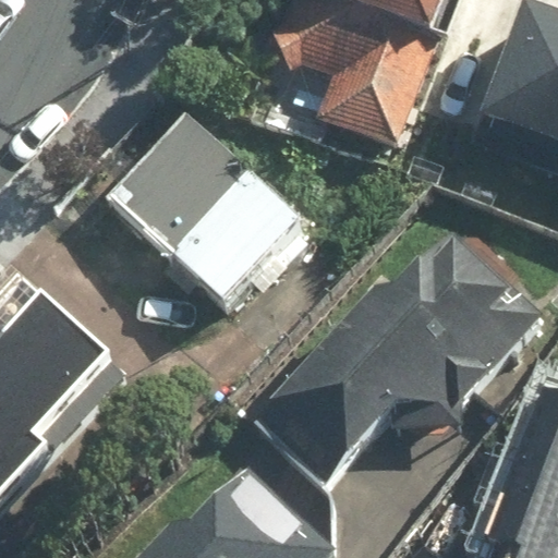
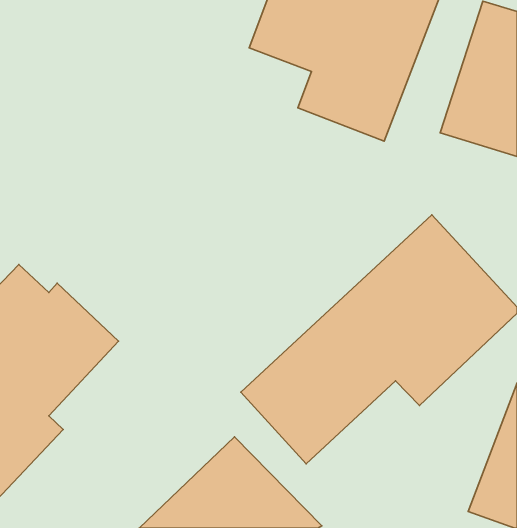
building: [106,111,310,313] -> none

